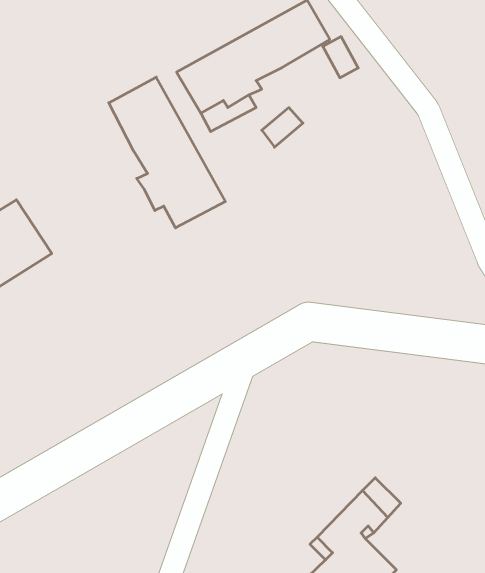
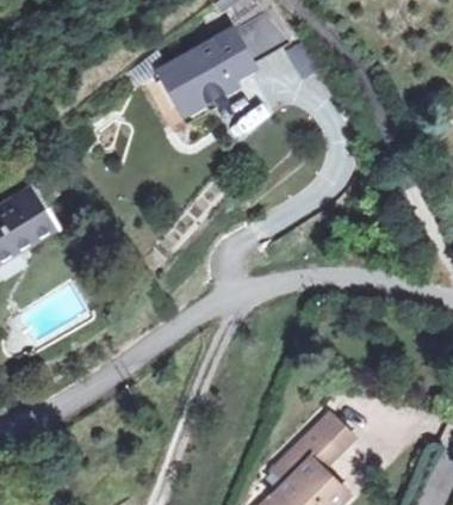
building: [109,77,225,228] -> none

